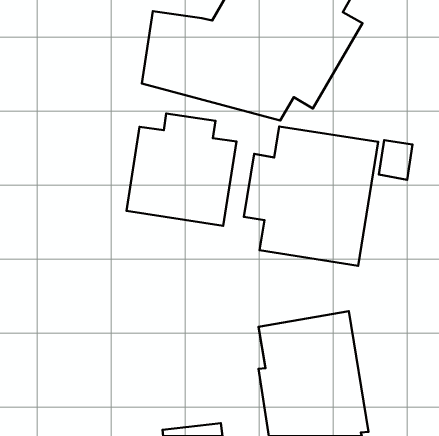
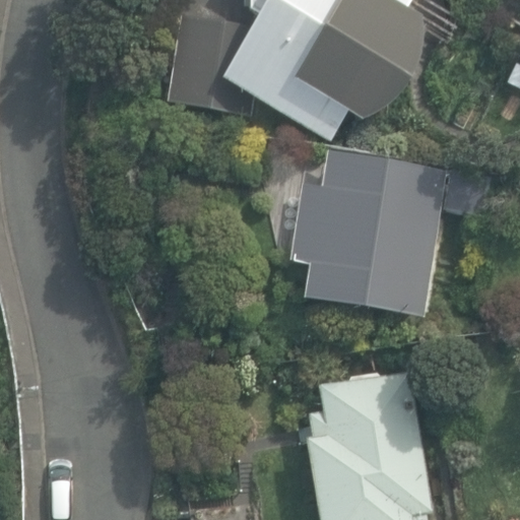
building: [126,113,236,226] -> none

